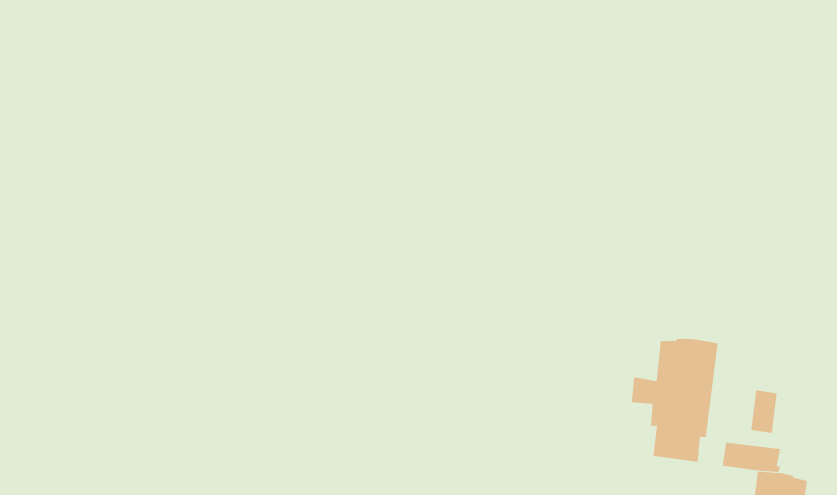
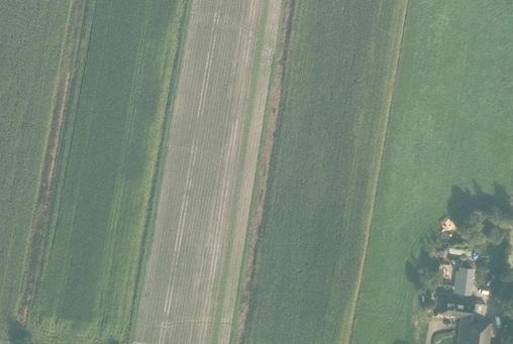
building: [631,338,718,462] -> none

